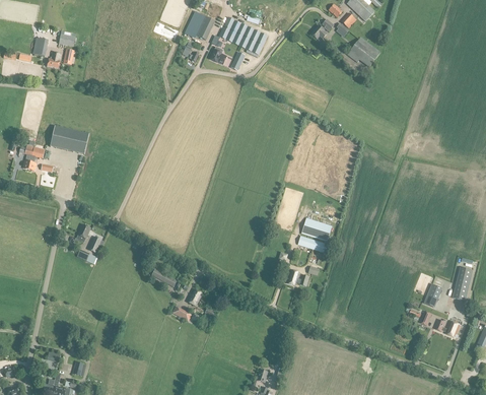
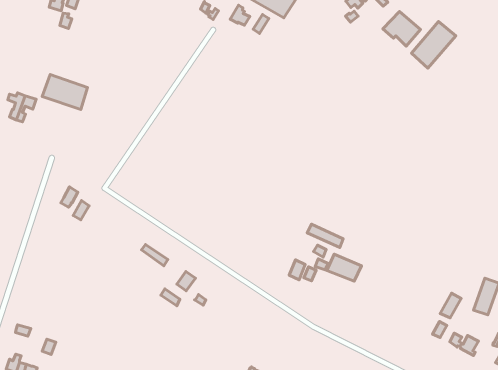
building: none -> [411,22,456,68]
building: [301,217,332,240] -> [327,254,361,281]

